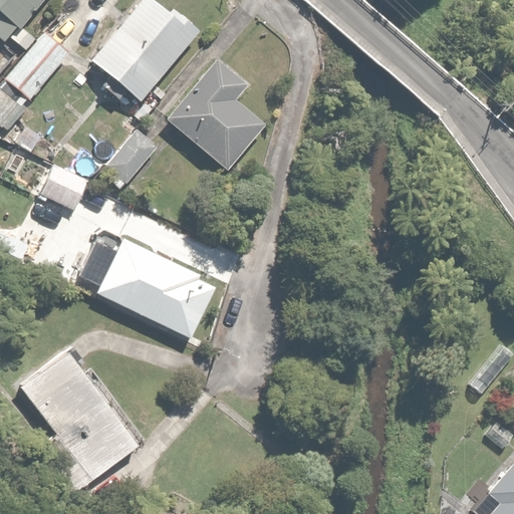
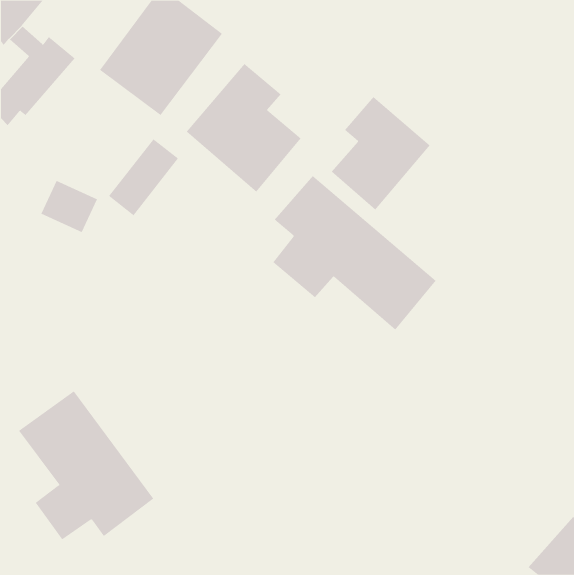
building: none -> [331,96,431,210]
building: none -> [273,175,436,331]
building: [79,239,218,338] -> none

